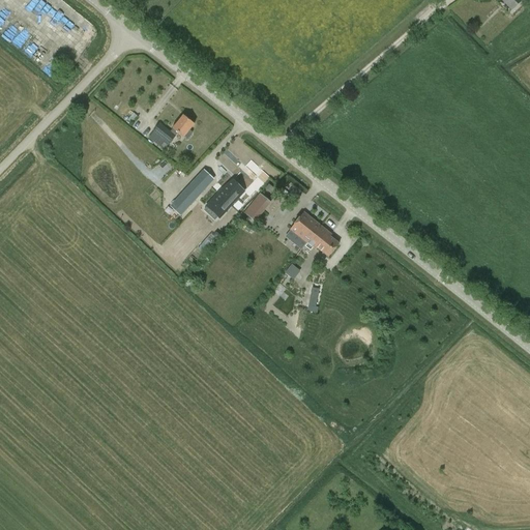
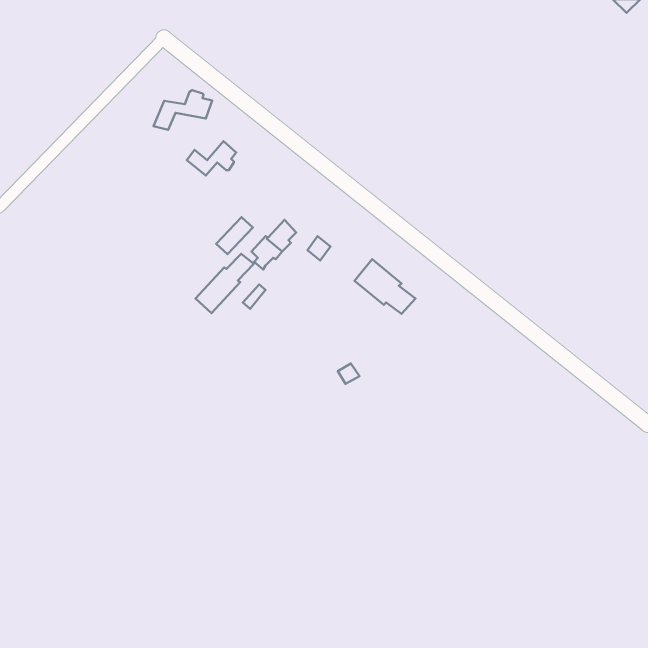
building: none -> [153,90,212,130]
building: none -> [196,254,254,313]

